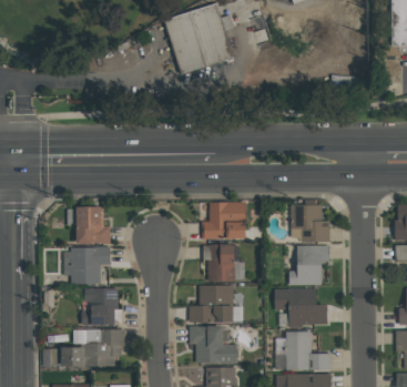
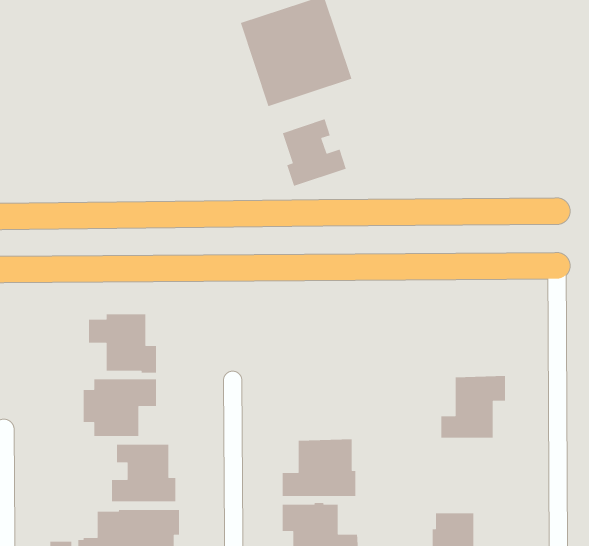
building: none -> [282,118,347,187]
building: [201,202,247,238] -> none
building: [291,205,329,242] -> none
building: [203,244,244,282] -> none
building: [274,288,327,328] -> none

